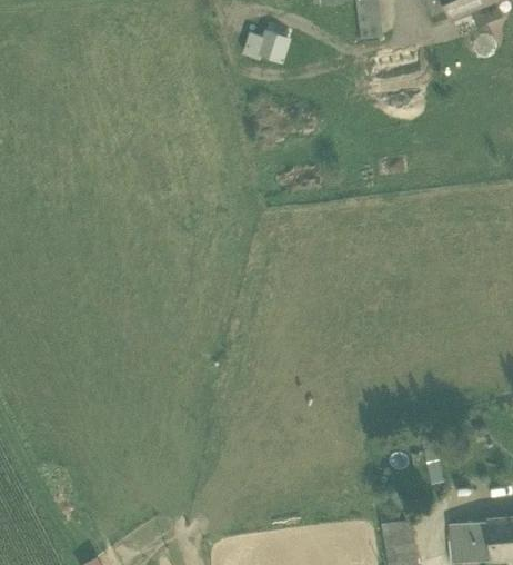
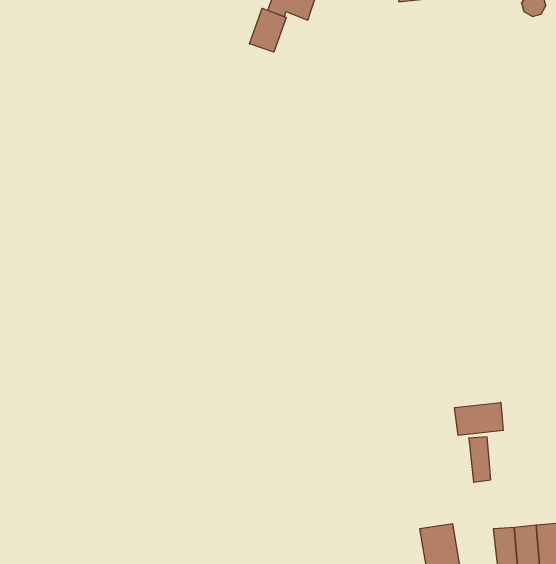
building: none -> [249,8,286,52]
building: none -> [455,402,503,435]

